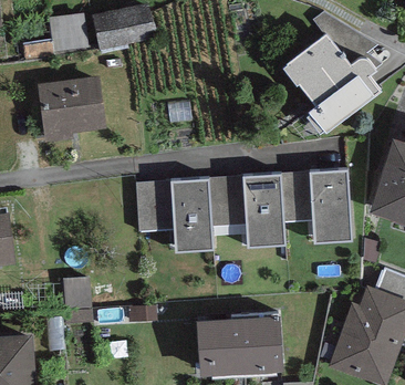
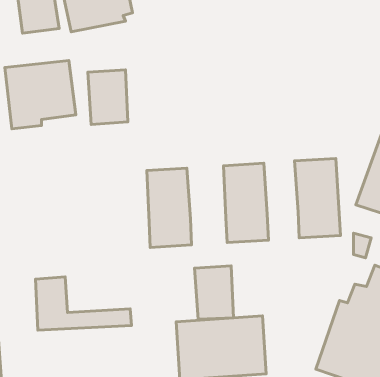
building: [283,33,381,132] -> none
building: [280,170,312,220] -> none
building: [208,175,245,225] -> [195,266,234,319]
building: [135,179,173,230] -> [88,70,128,124]

